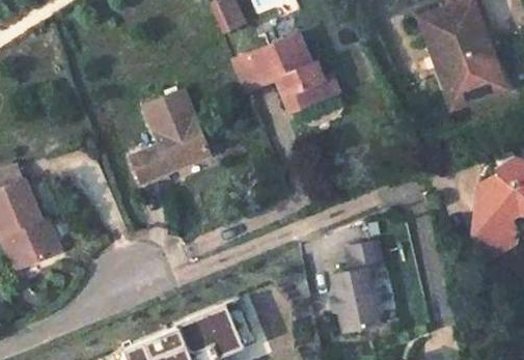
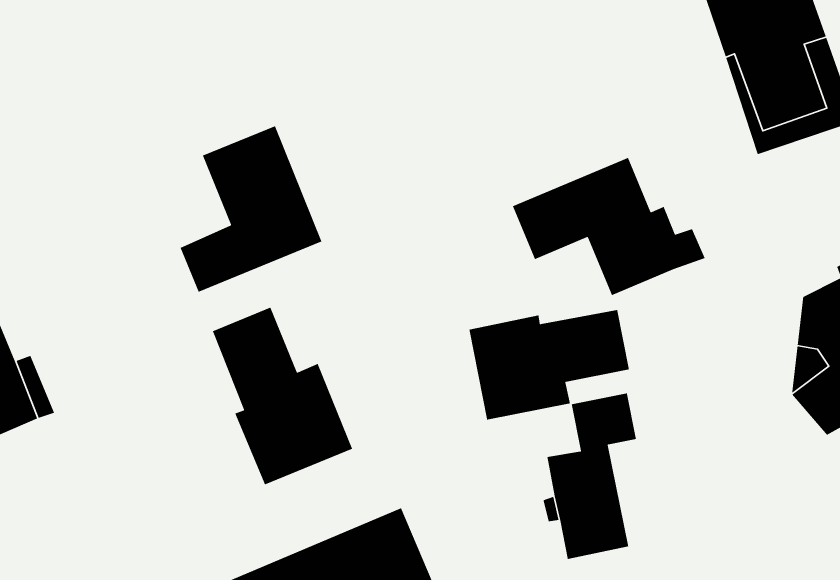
building: [233,33,340,110] -> [512,157,706,296]
building: none -> [212,307,353,486]
building: none -> [468,309,630,420]

